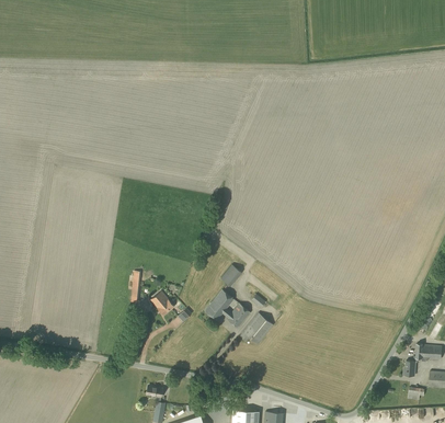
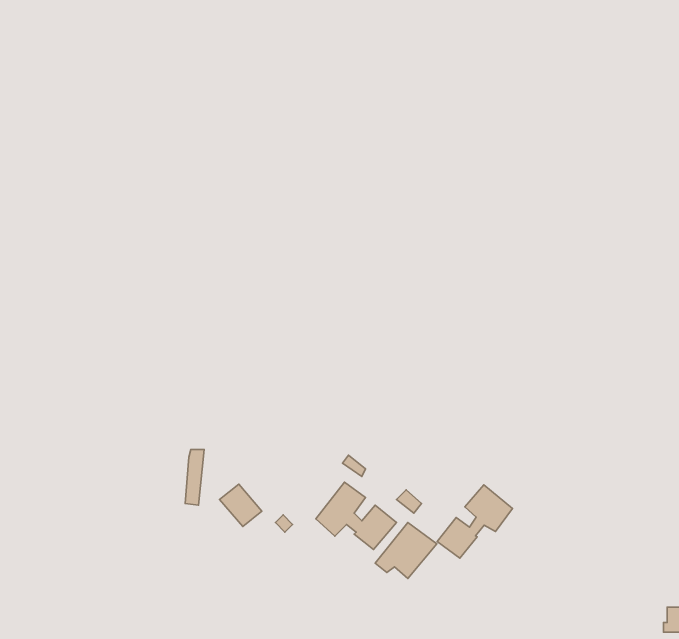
building: none -> [437,485,513,558]

